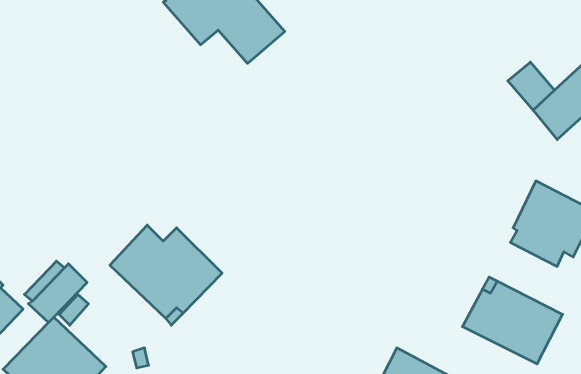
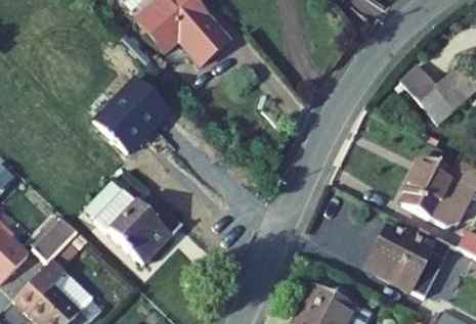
building: none -> [94,79,168,152]

